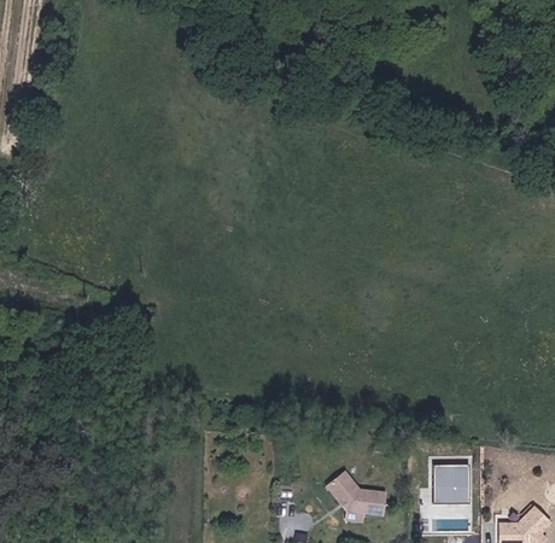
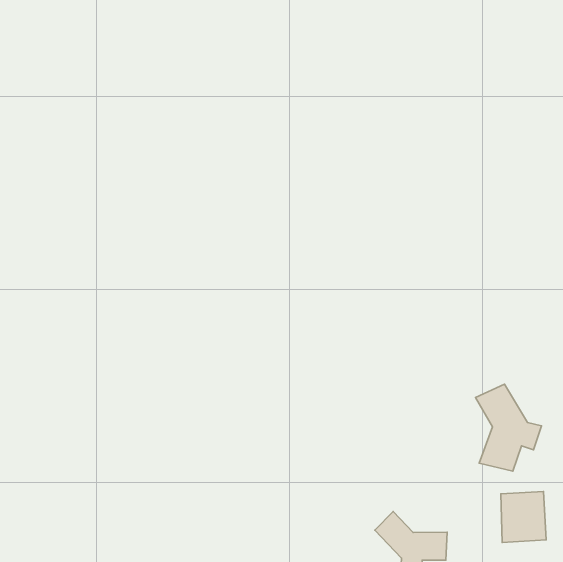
building: none -> [475,384,542,471]

